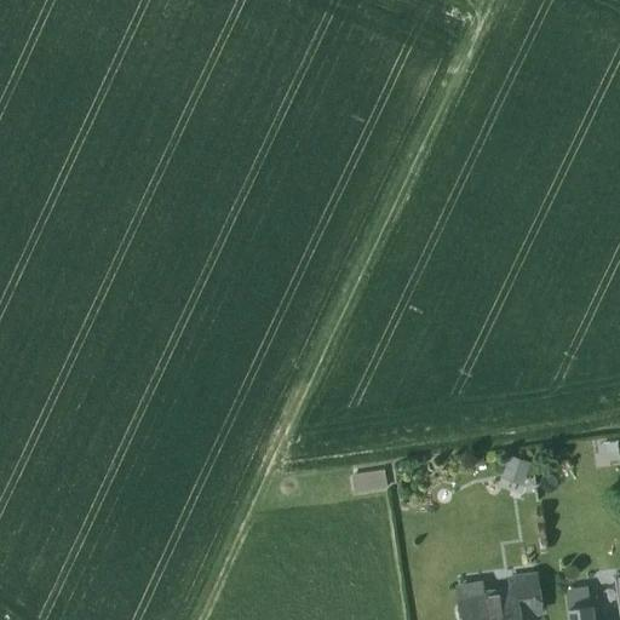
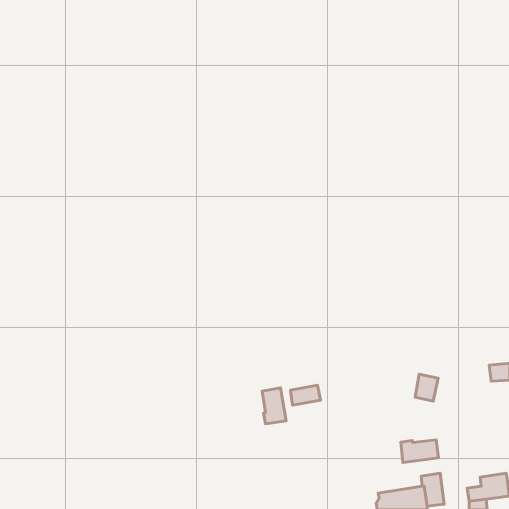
building: none -> [262,388,286,424]
building: none -> [401,440,439,463]

